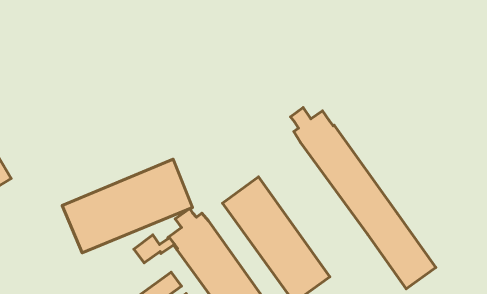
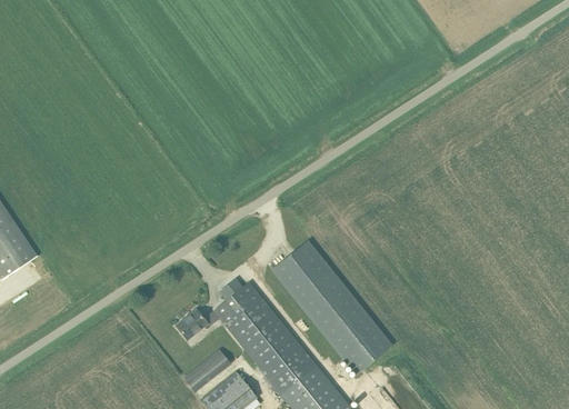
building: [291,107,436,289] -> none
building: [62,159,193,253] -> none

